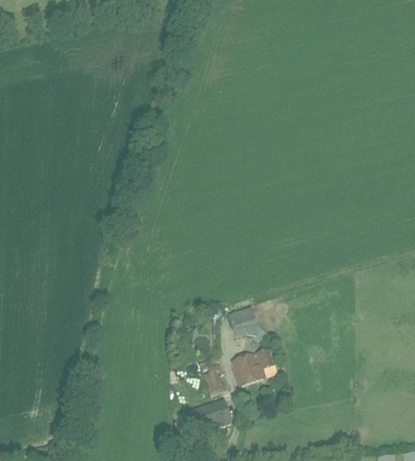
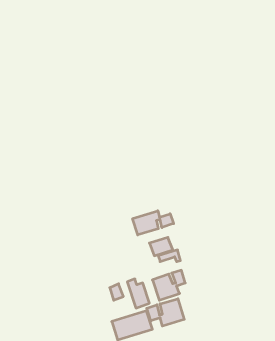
building: none -> [133,211,174,235]
building: none -> [147,299,184,326]

